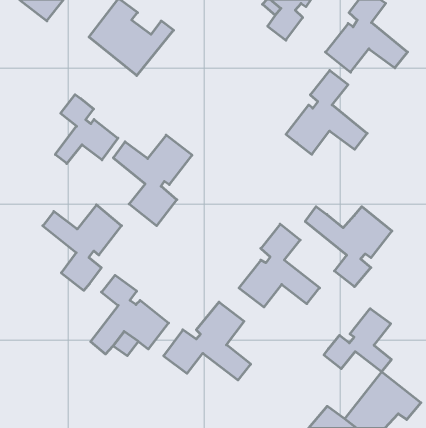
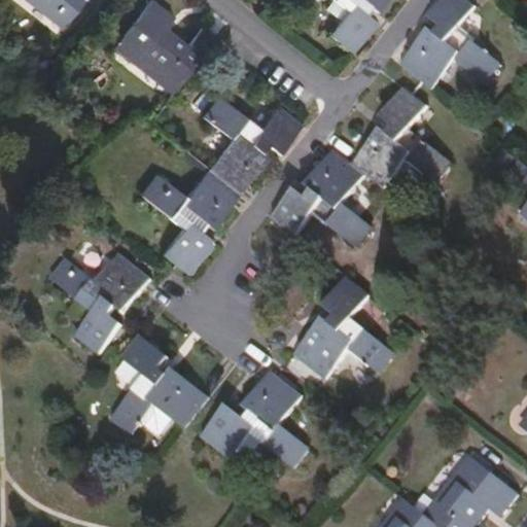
building: none -> [201,95,298,190]
building: [55,95,118,164] -> none
building: none -> [270,149,371,247]
building: [305,207,392,287] -> none
building: [324,309,391,372] -> none

